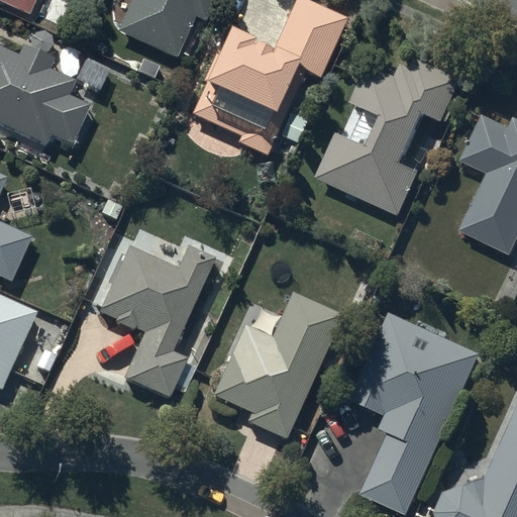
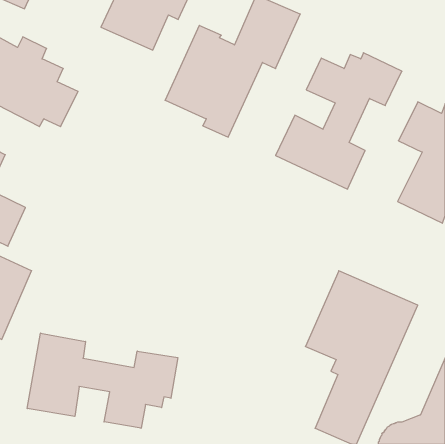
building: [98,243,214,395] -> none
building: [214,293,341,438] -> none
building: none -> [27,333,178,428]

